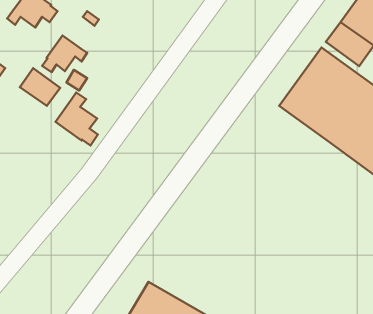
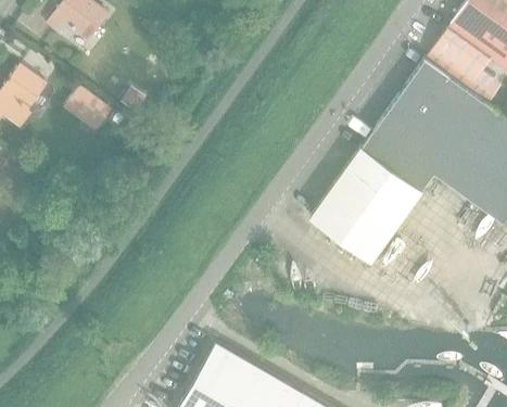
building: [42,35,87,72] -> none
building: [55,93,98,145] -> none
building: none -> [310,130,435,262]

